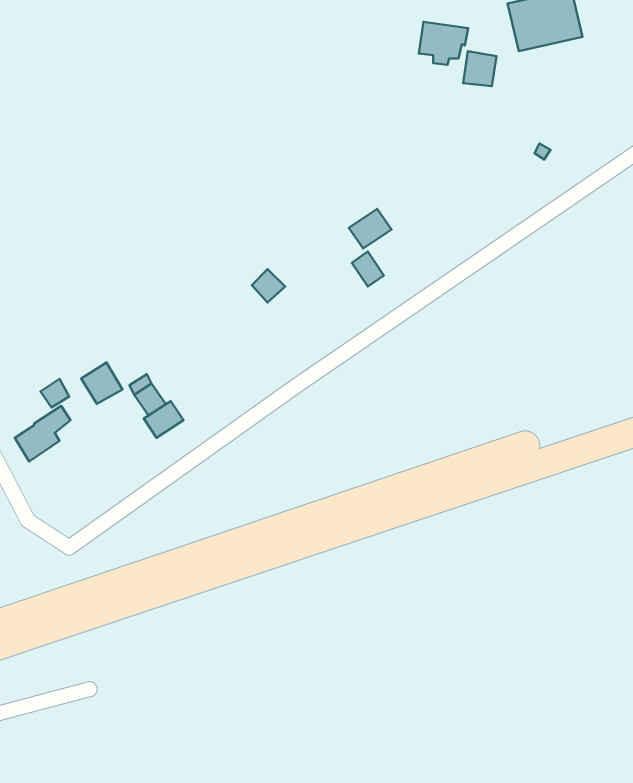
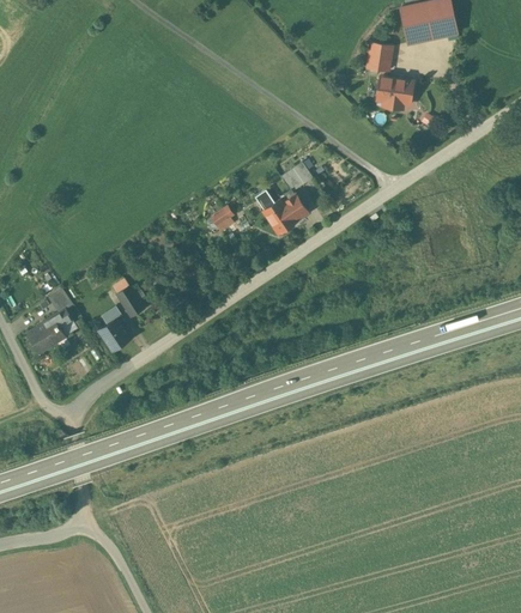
building: [419,22,468,65] -> [376,75,413,108]
building: none -> [262,198,296,232]
building: [81,363,122,404] -> [101,321,132,352]

